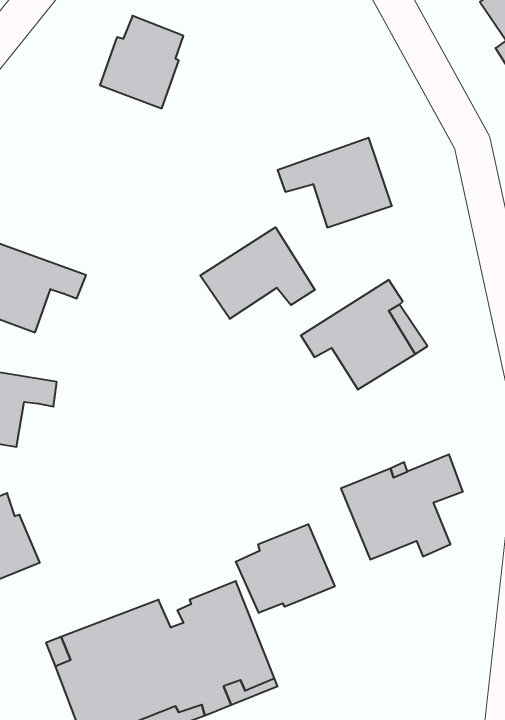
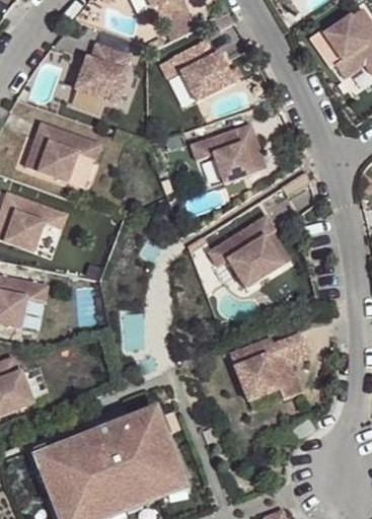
building: none -> [172,41,234,101]
building: none -> [23,123,98,181]
building: [200,227,315,319] -> none
building: [236,524,335,613] -> none

